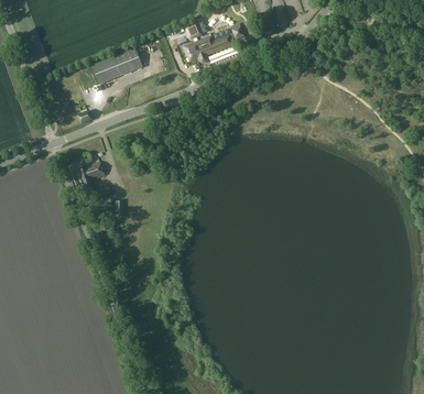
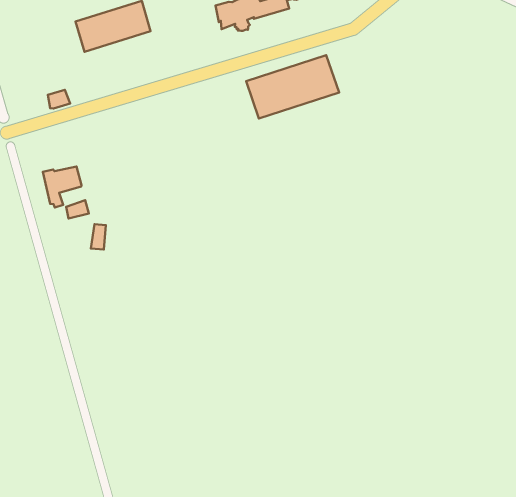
building: none -> [246,55,339,118]

